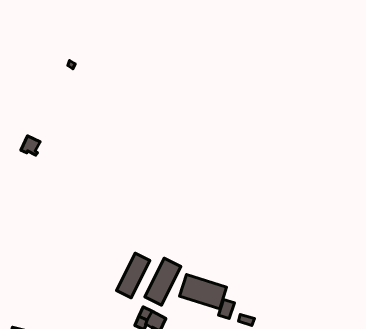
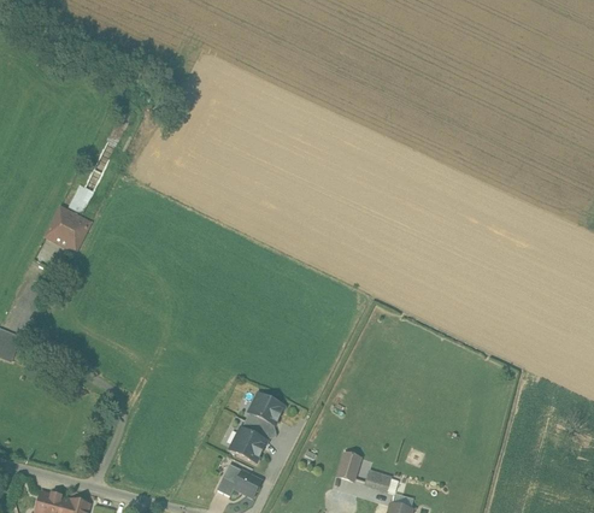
building: [116,253,150,298] -> none
building: [180,275,227,309] -> none

